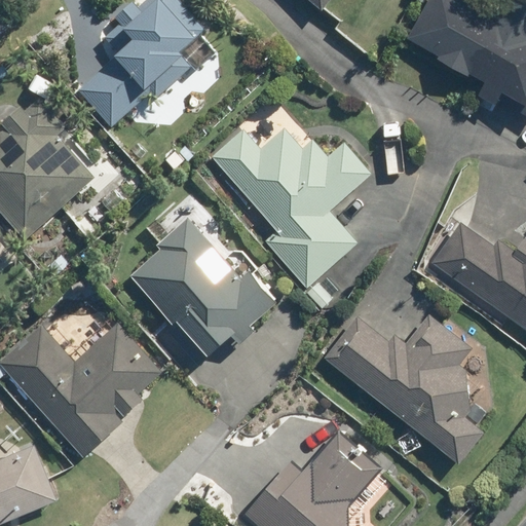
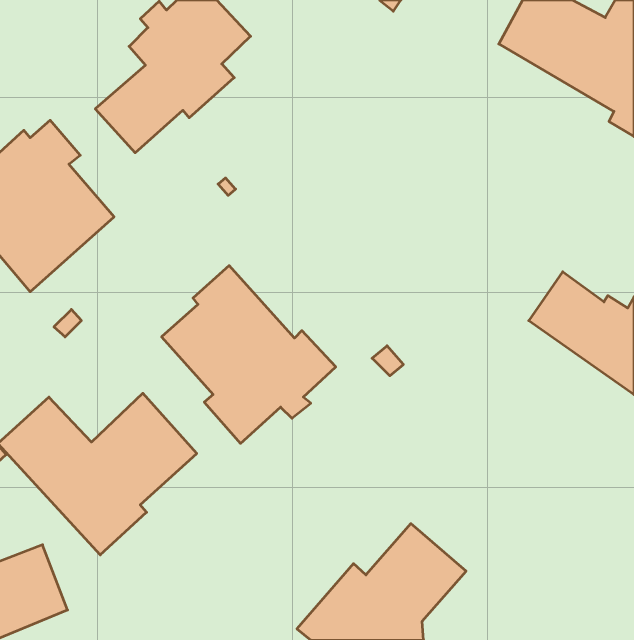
building: [214,129,371,287] -> none
building: [325,314,484,464] -> none

